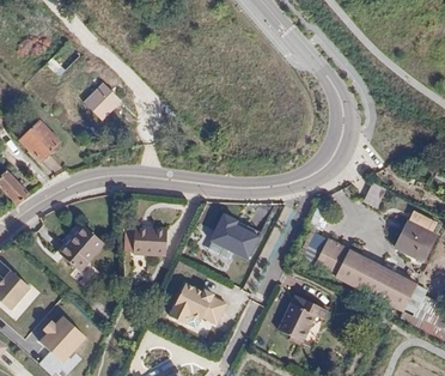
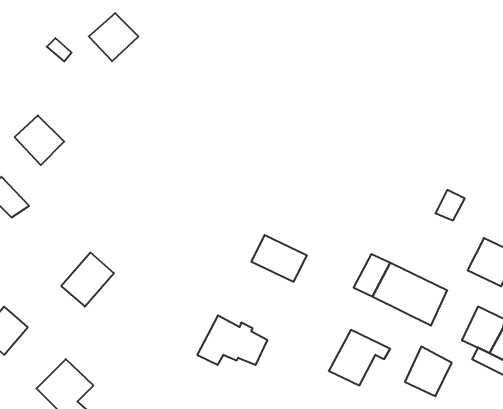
building: [81,83,122,122] -> [89,13,138,61]
building: [130,223,165,260] -> none
building: [360,262,398,303] -> [405,347,452,396]

